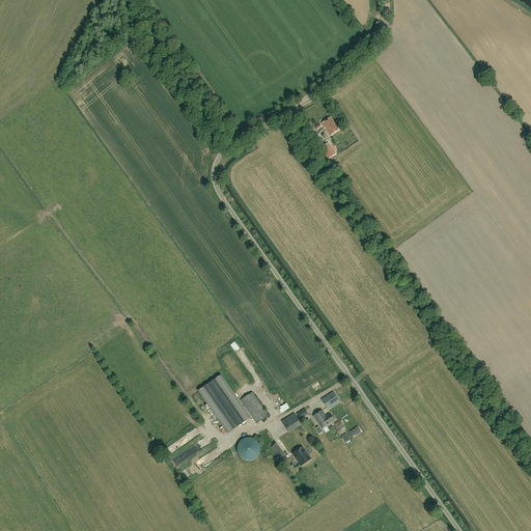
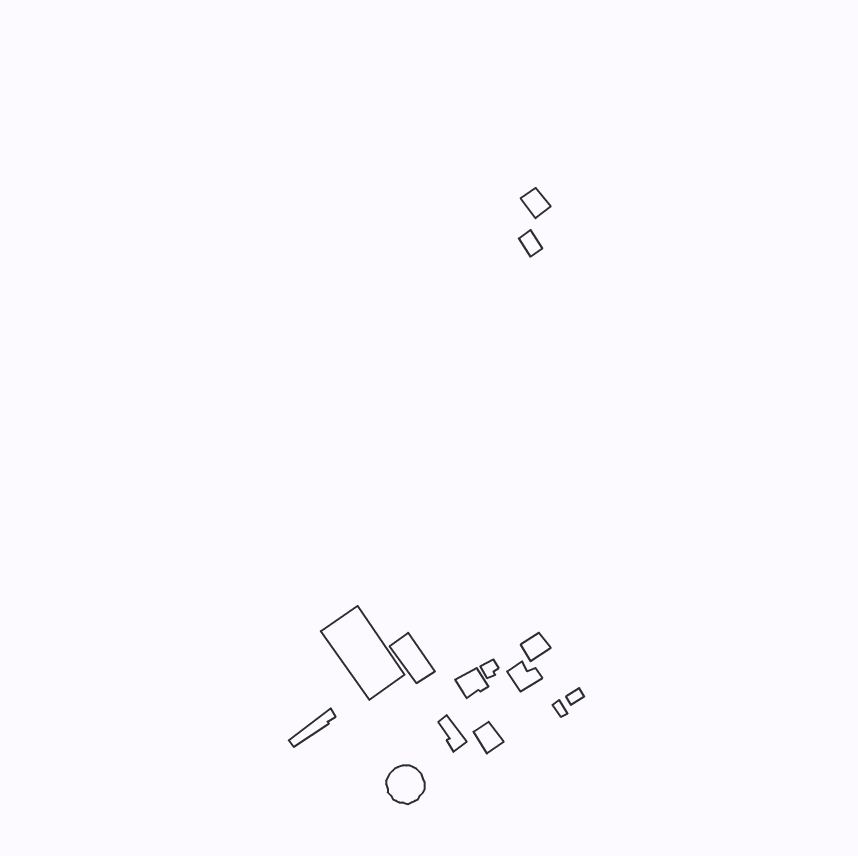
building: [236,437,260,460] -> [386,766,425,804]

